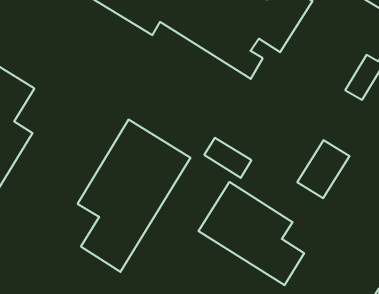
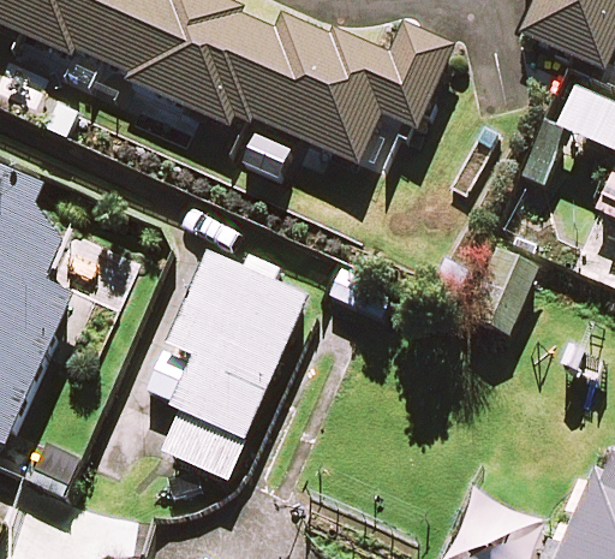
building: [199,182,304,285] -> none

